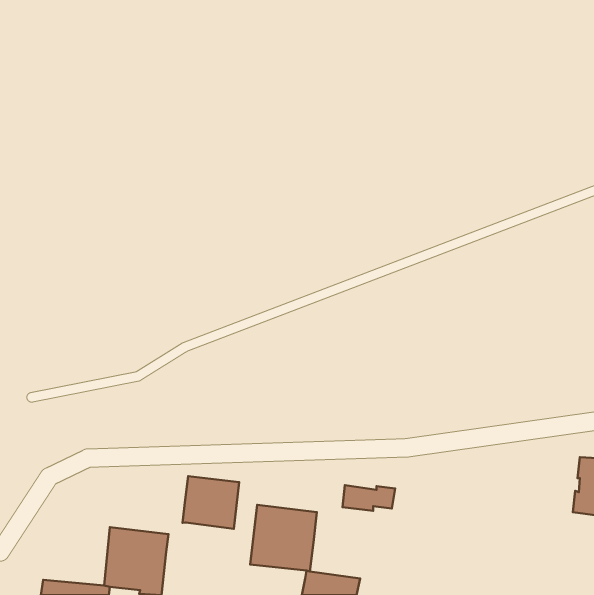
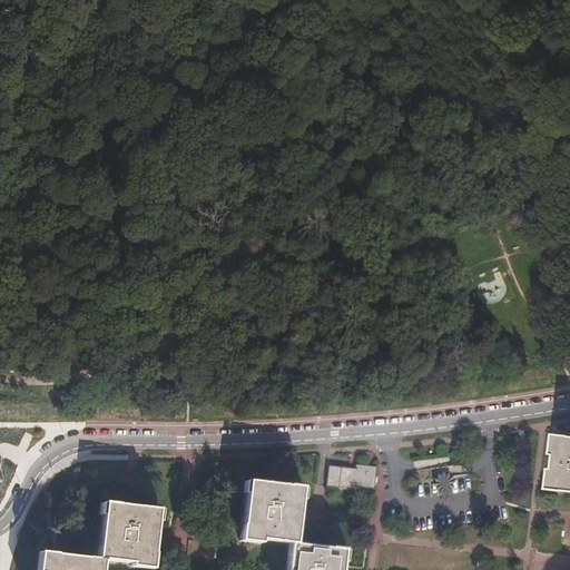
building: [183,476,239,529] -> none

